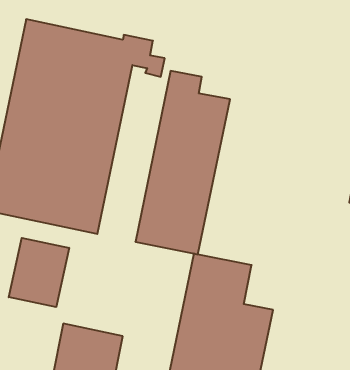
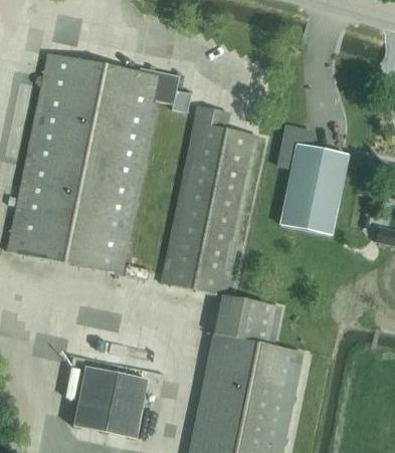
building: none -> [278,126,348,234]
building: [9,238,69,307] -> none

